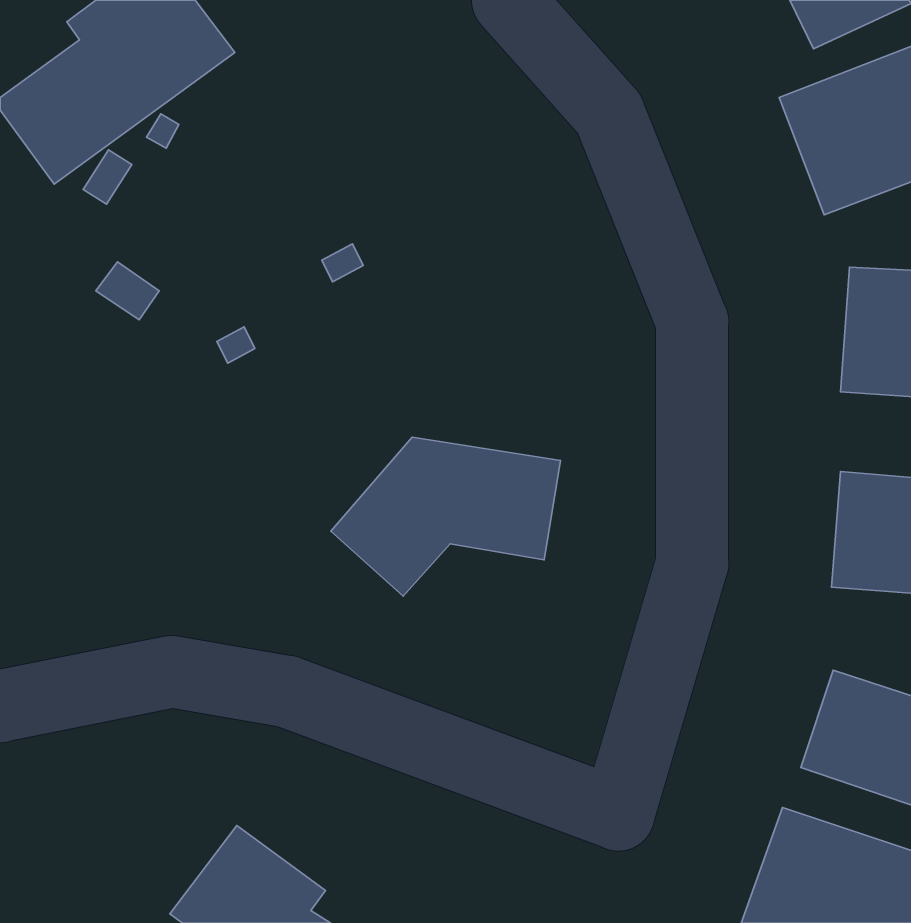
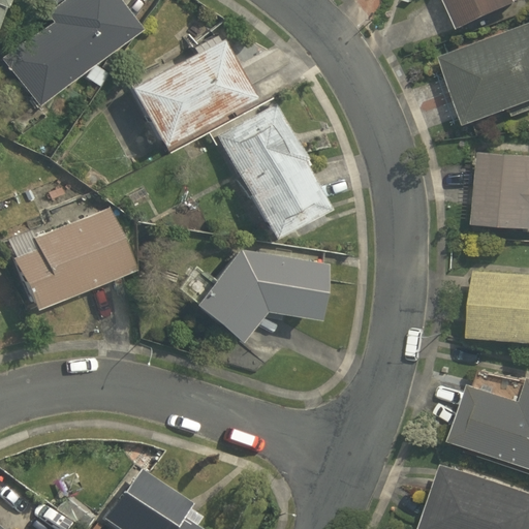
building: none -> [132,40,253,146]
building: none -> [219,103,329,238]
building: none -> [15,209,134,309]

